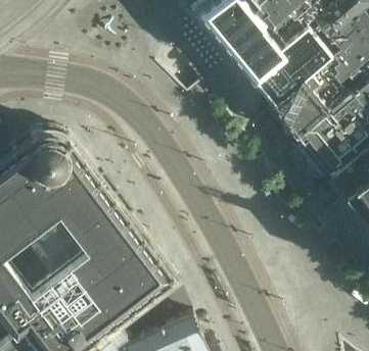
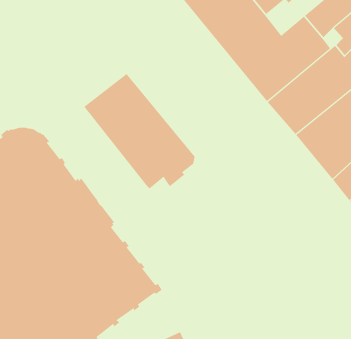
building: none -> [83,73,195,189]

